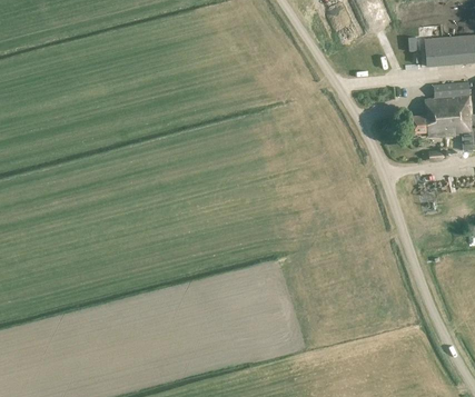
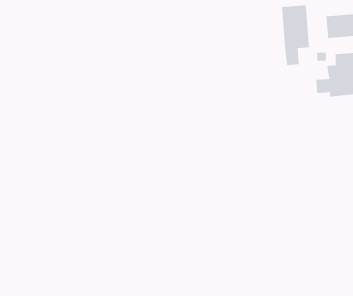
building: none -> [281,4,310,66]

